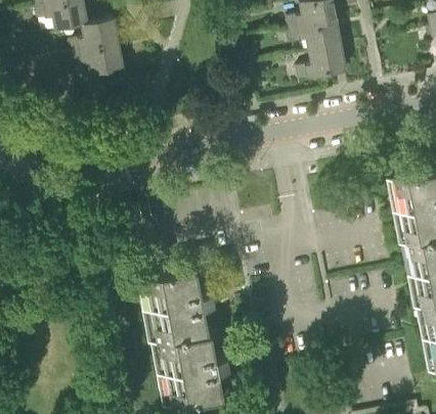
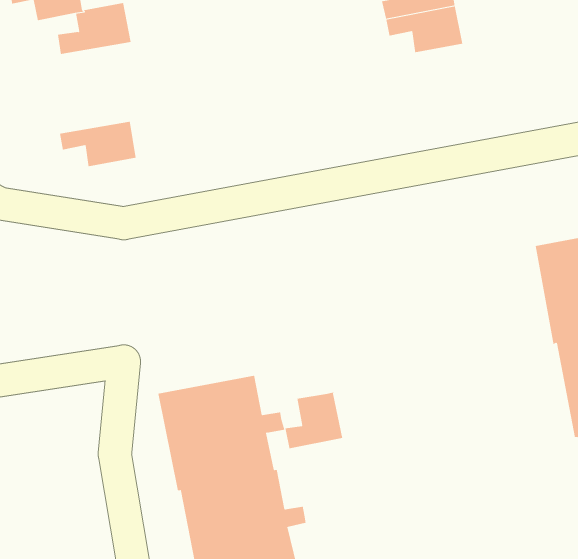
building: [70,46,122,77] -> [59,121,137,167]
building: [295,47,346,82] -> none
building: none -> [285,391,343,449]

